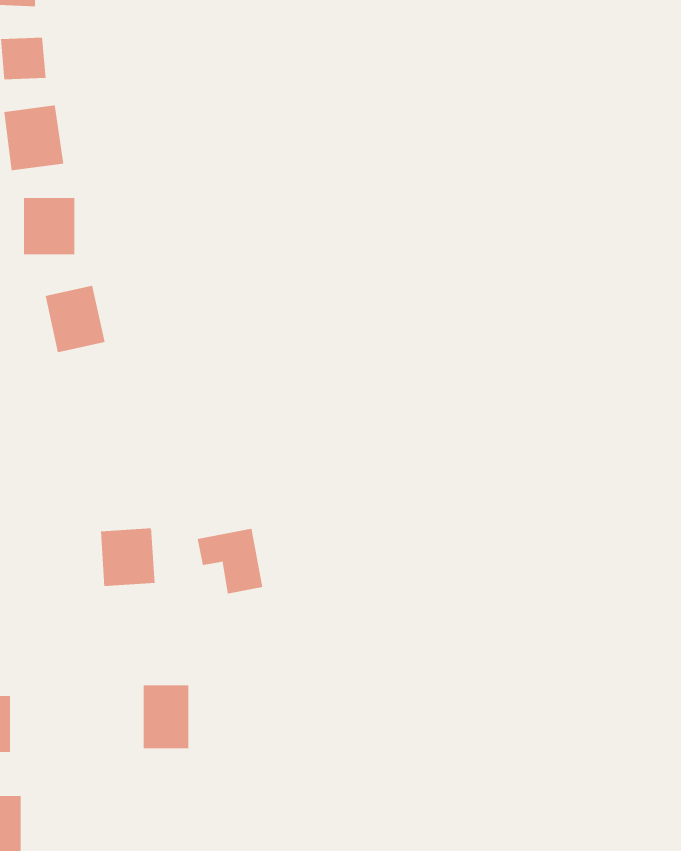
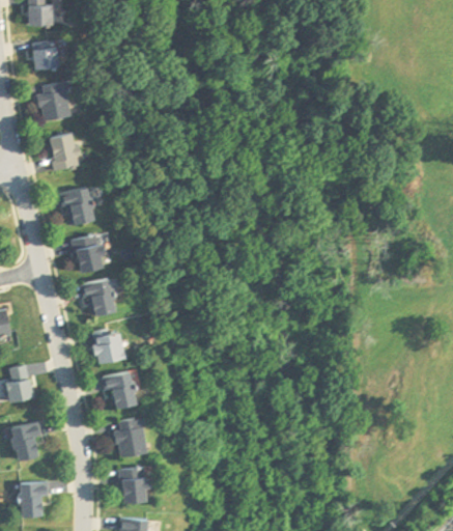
building: none -> [70,236,103,272]
building: none -> [77,278,116,318]
building: [197,528,263,594] -> [98,371,137,410]
building: none -> [119,470,148,504]

